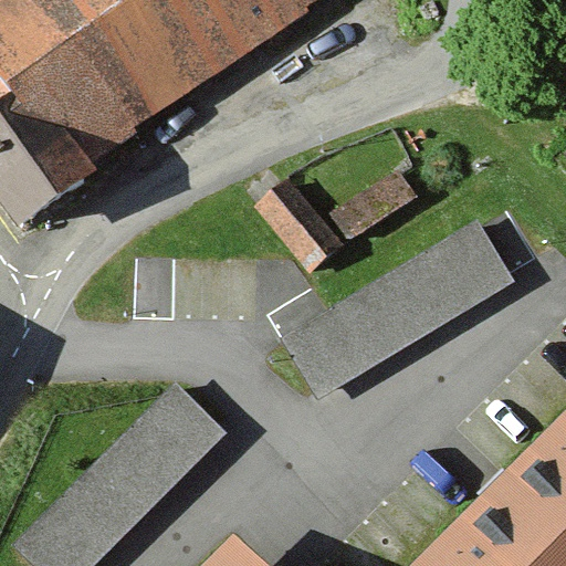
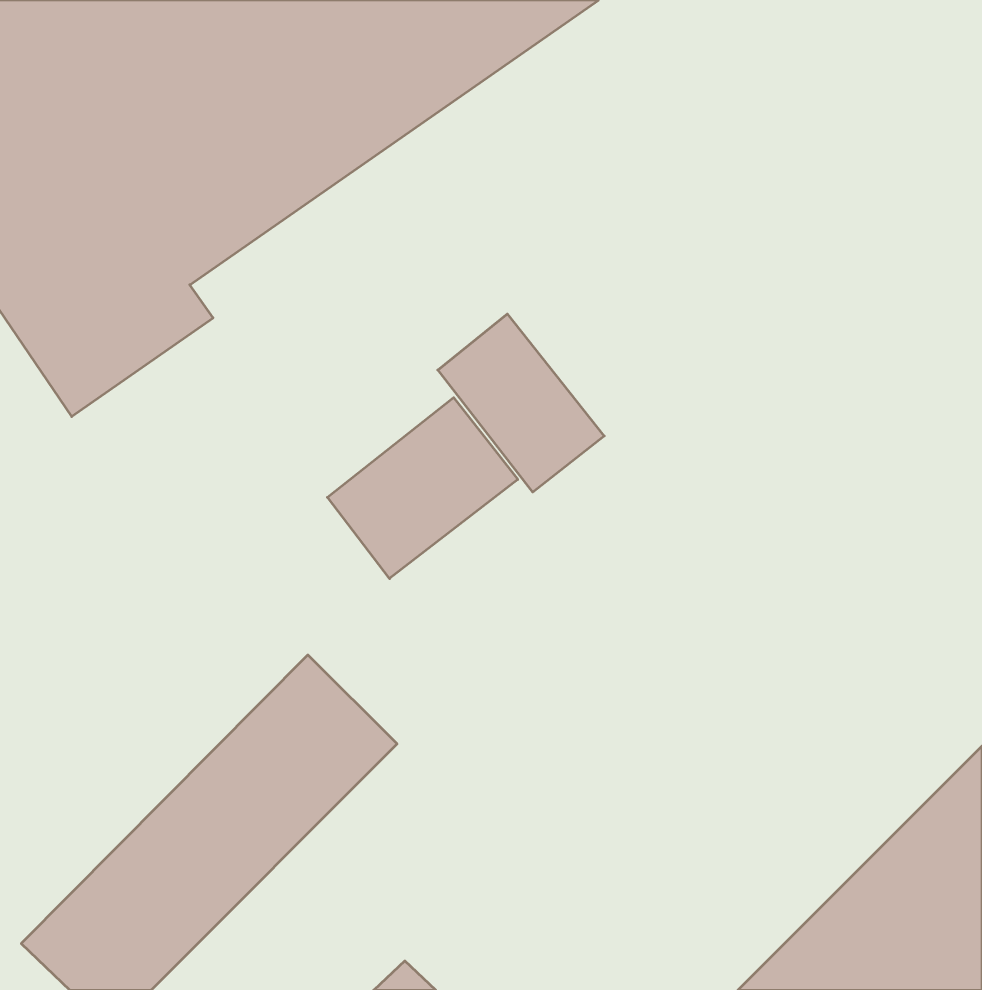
building: [279,199,541,390] -> none
building: none -> [327,398,518,579]

